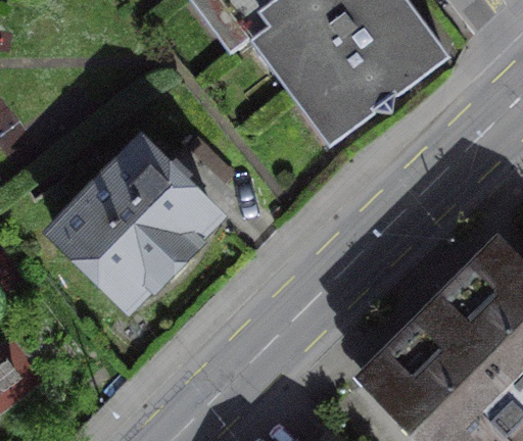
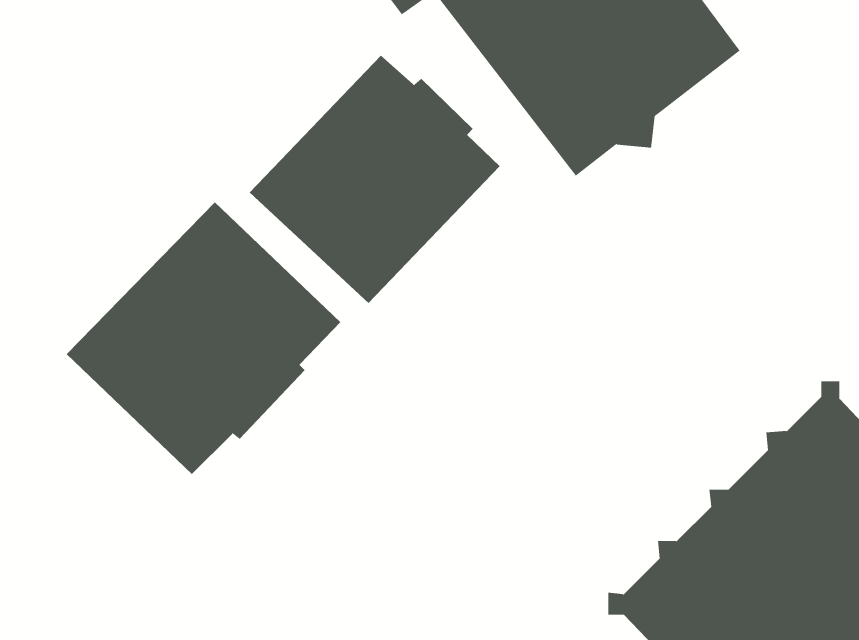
building: none -> [249,55,501,304]

